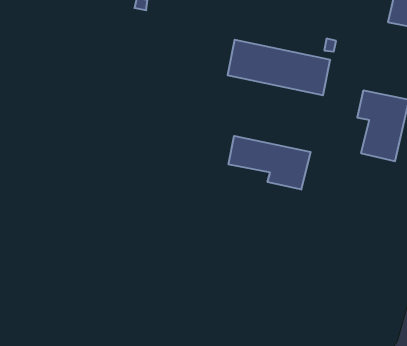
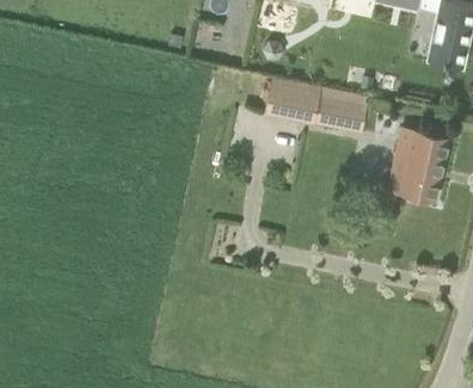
building: [229,136,311,190] -> none

